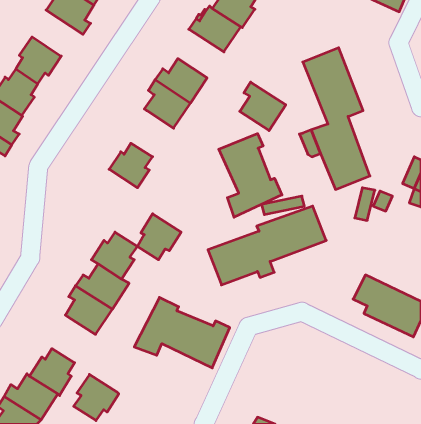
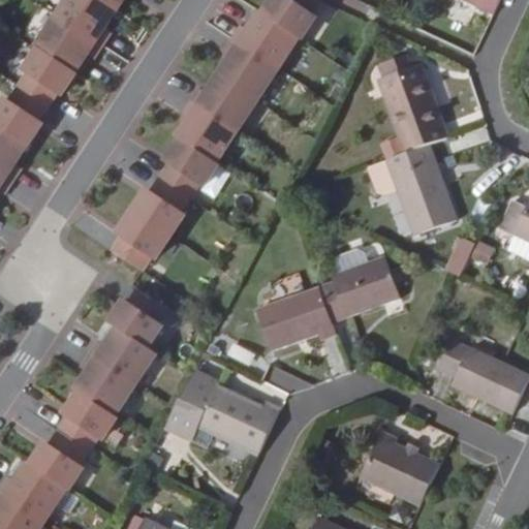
building: none -> [36,12,102,69]
building: [240,82,286,131] -> [219,36,276,96]
building: none -> [161,136,216,193]
building: [219,134,282,217] -> none
building: [138,214,181,260] -> [116,209,169,266]
building: none -> [357,431,439,507]
building: [74,374,119,421] -> [64,391,120,447]

